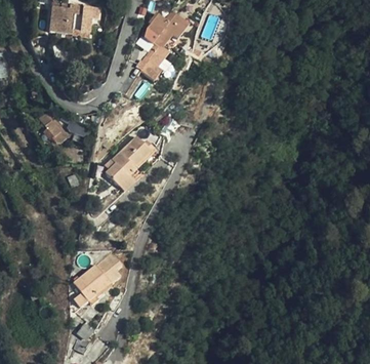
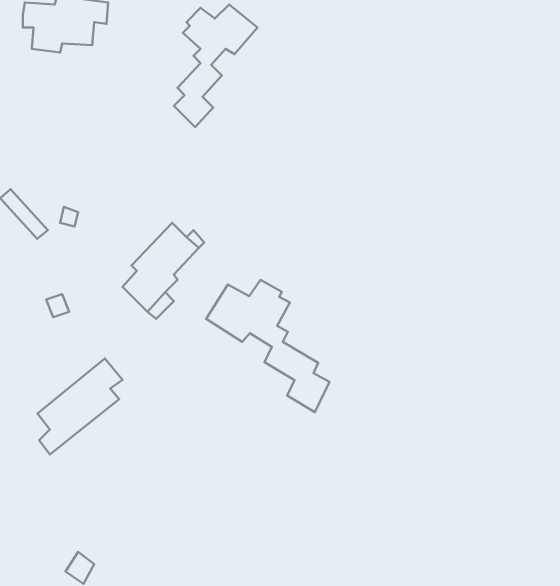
building: none -> [206,280,329,412]
building: [72,252,121,308] -> [37,358,123,454]

